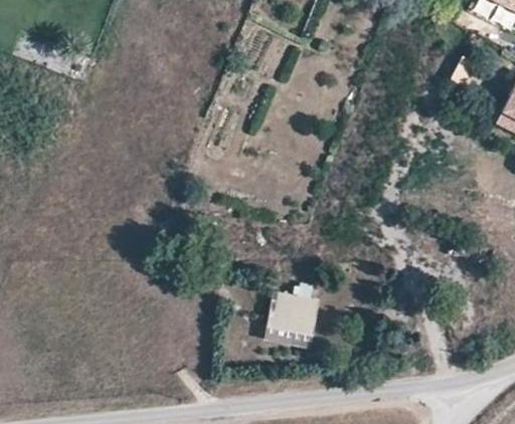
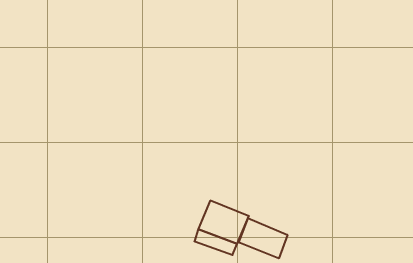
building: none -> [239,218,287,258]

